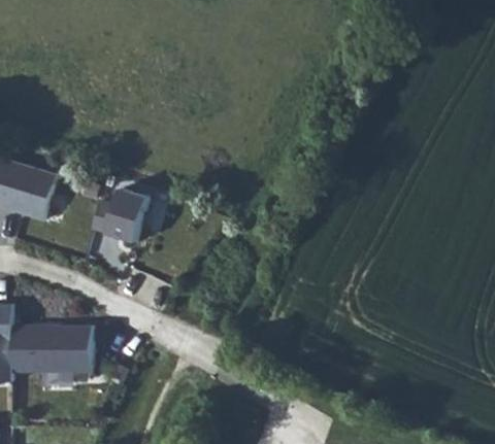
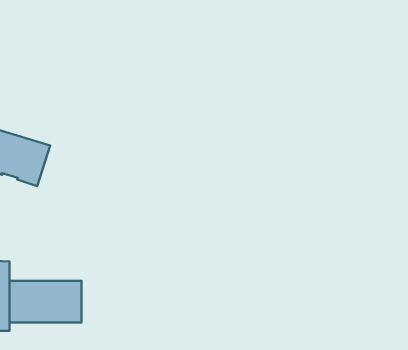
building: [91,187,148,241] -> none

